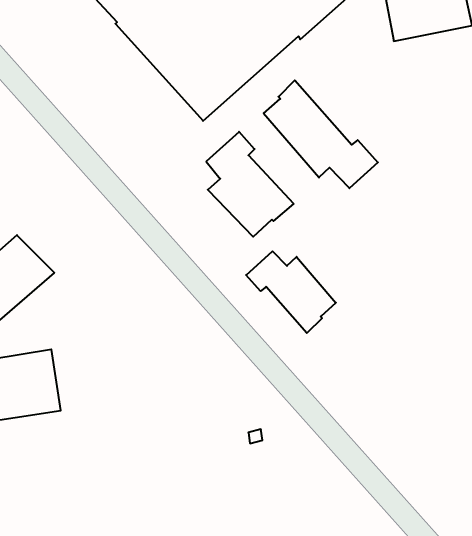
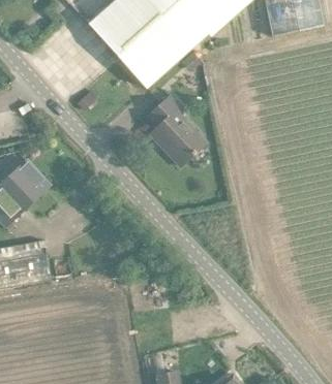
building: [264,80,378,188] -> none
building: [246,251,336,333] -> none

